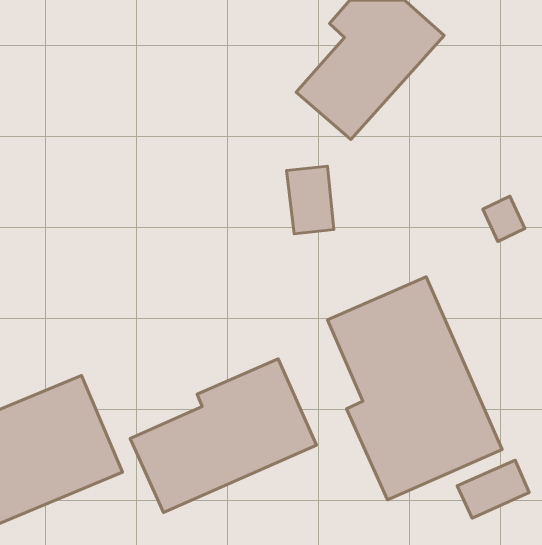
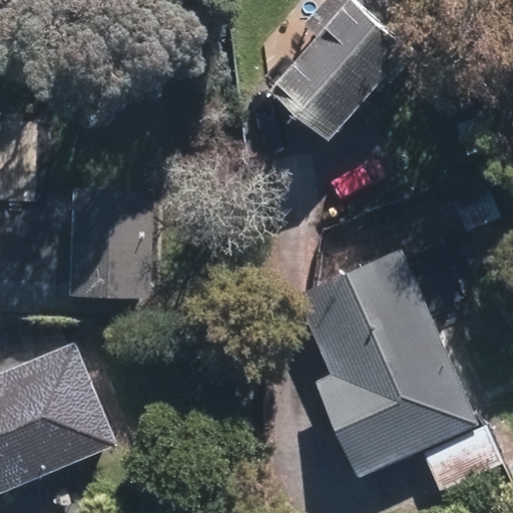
building: none -> [74,196,152,300]
building: [130,359,316,513] -> none

